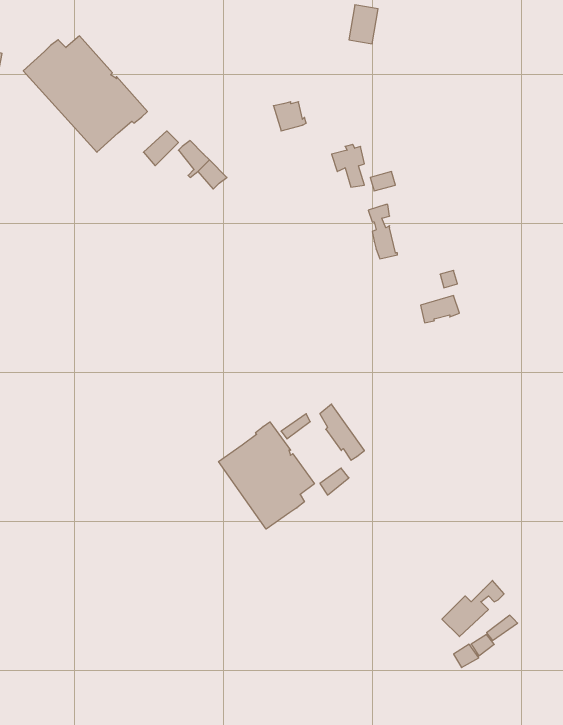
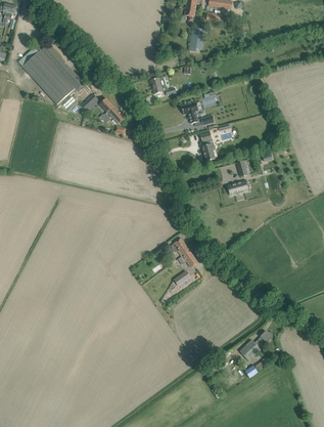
building: [219,422,314,529] -> none

